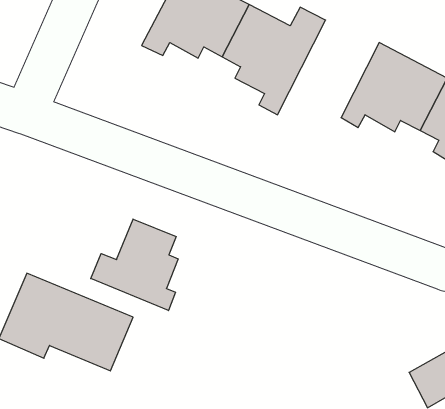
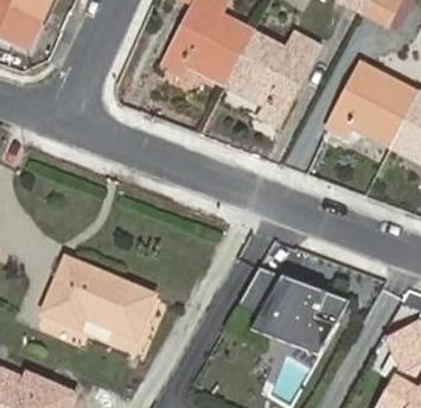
building: [91,219,178,311] -> none
building: none -> [237,267,351,355]

